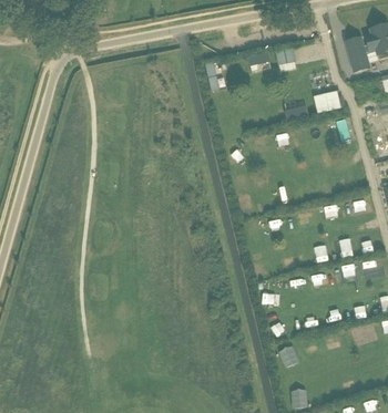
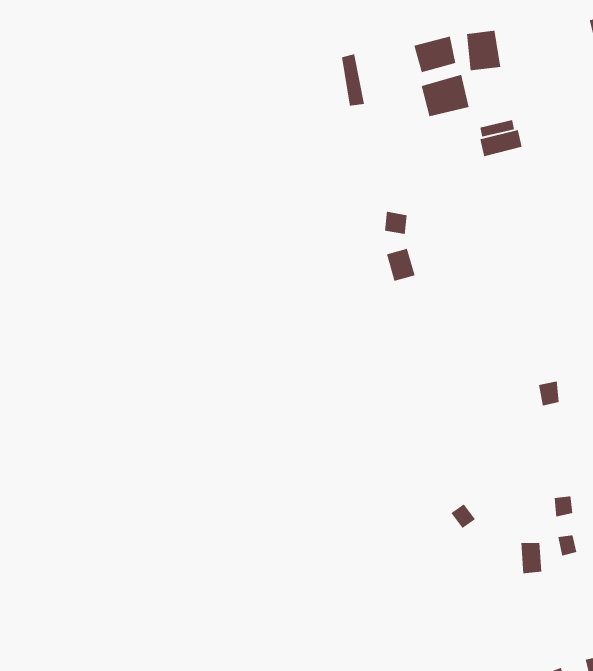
building: [315,87,343,112] -> [421,74,470,117]

